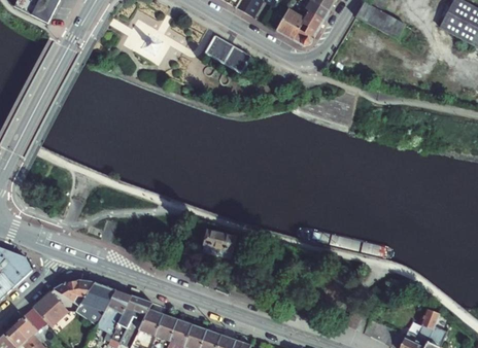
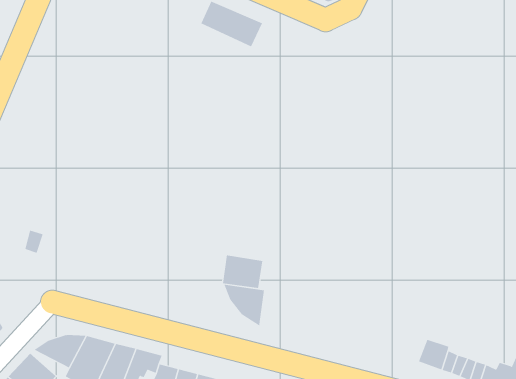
building: none -> [223,284,265,327]

